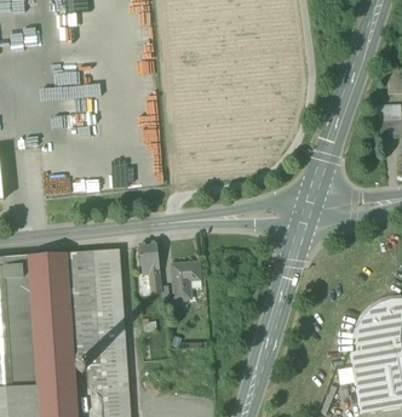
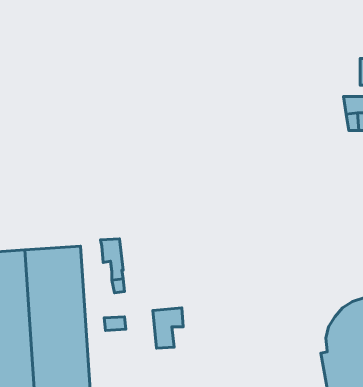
building: [171,261,200,299] -> [153,308,183,348]

